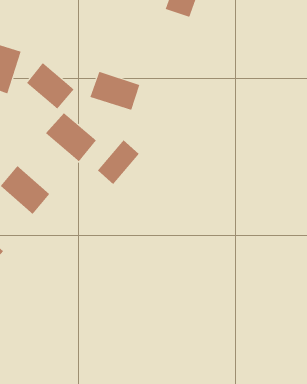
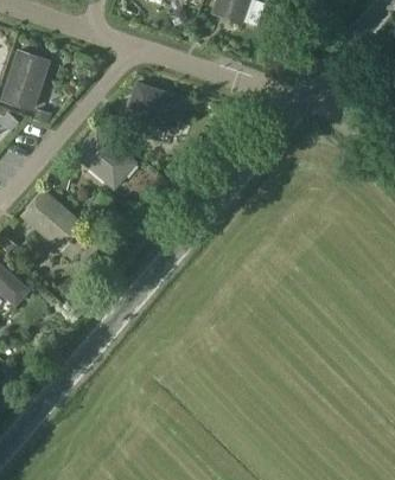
building: [26,62,75,109] -> none
building: [97,139,139,185] -> none

